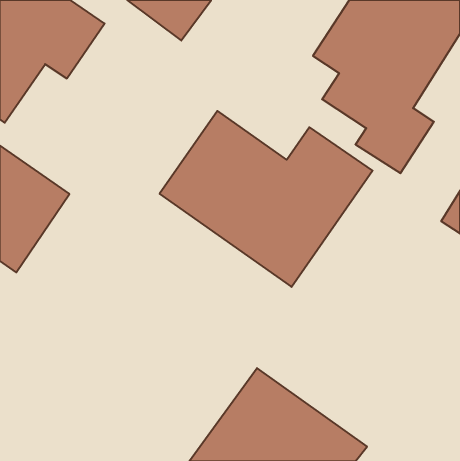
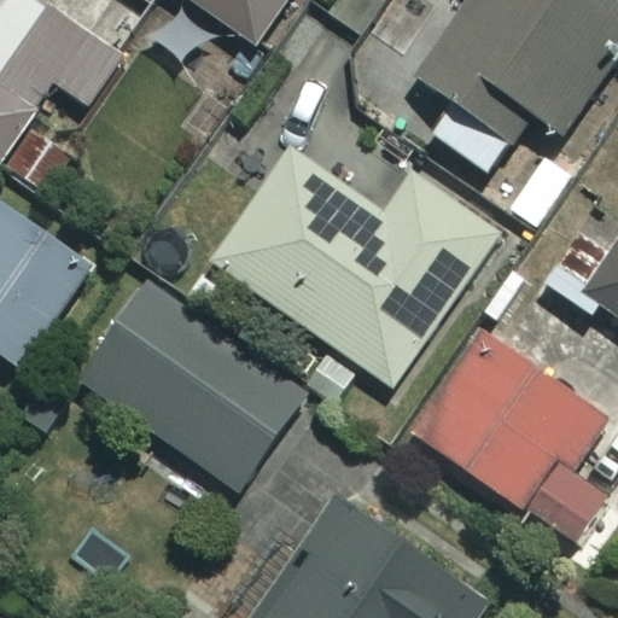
building: none -> [75,286,302,485]
building: none -> [413,330,608,540]

